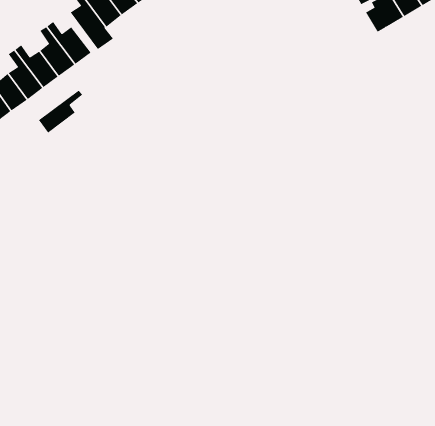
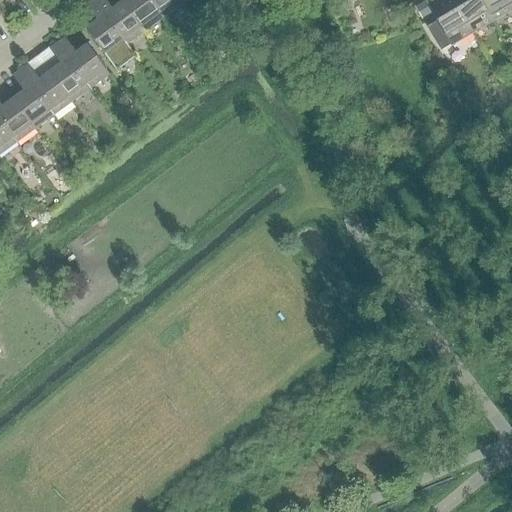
building: [38,90,83,134] -> none

